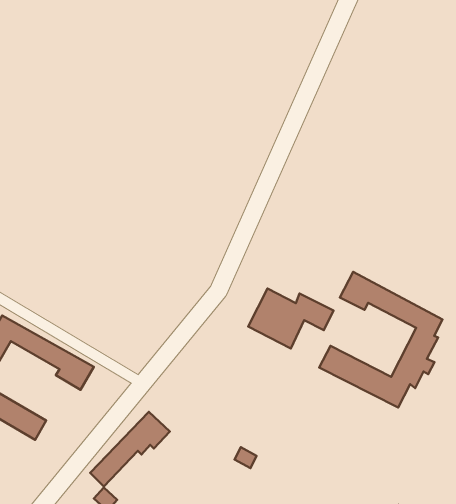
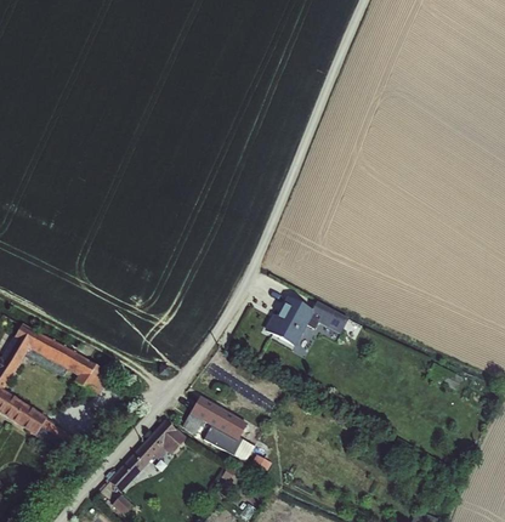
building: [319,272,443,408] -> none
building: none -> [182,397,255,459]

